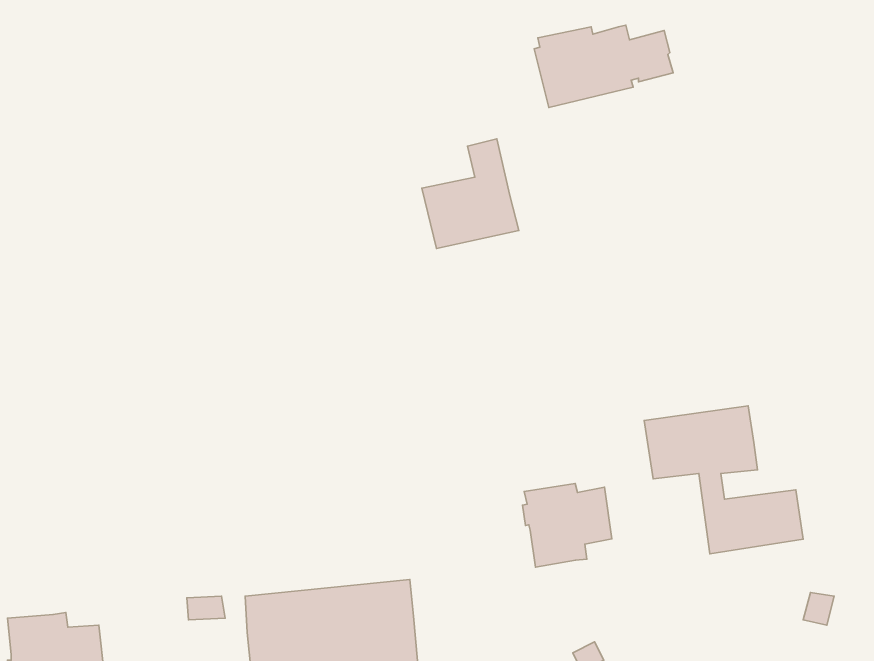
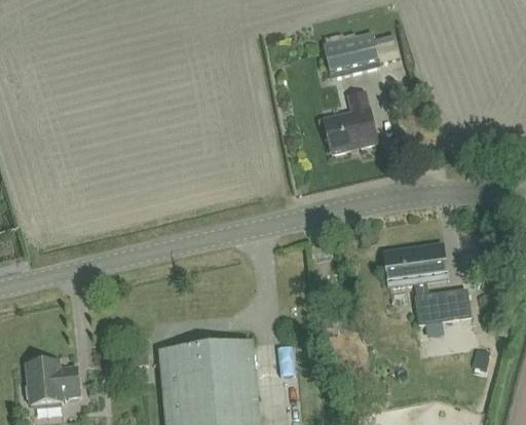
building: [422,139,519,249] -> [323,90,377,152]
building: [522,483,612,567] -> none

